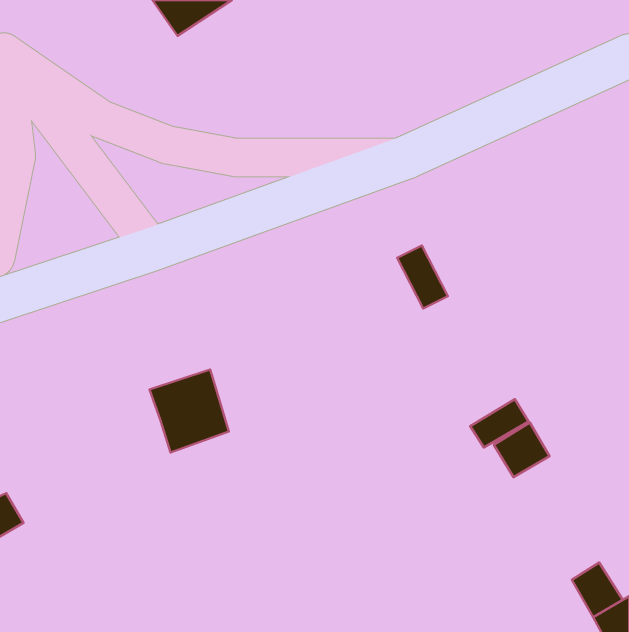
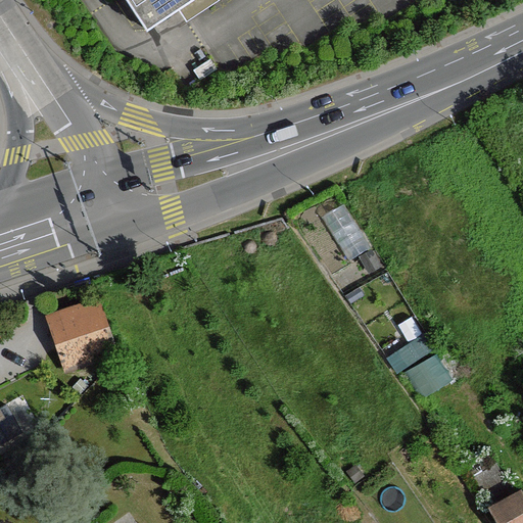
building: [149,370,229,453] -> [46,302,111,371]

